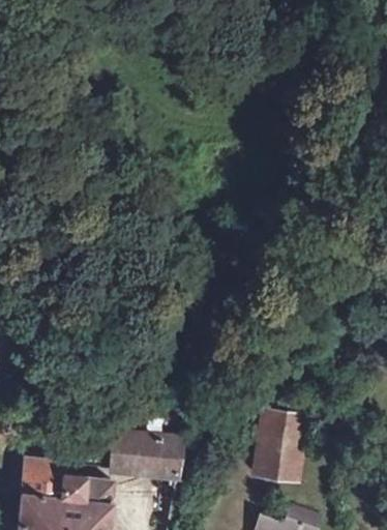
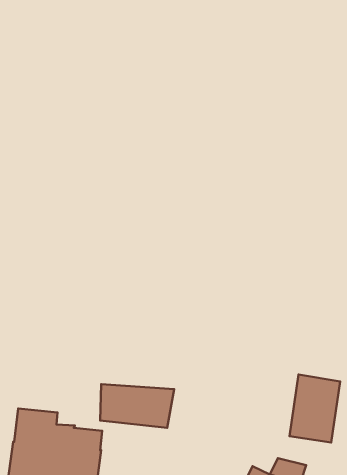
building: [255,411,306,480] -> [290,374,340,442]

